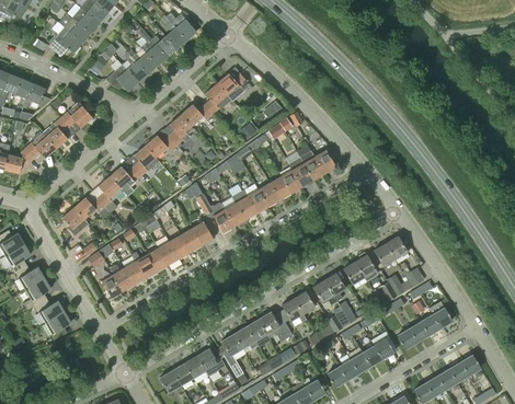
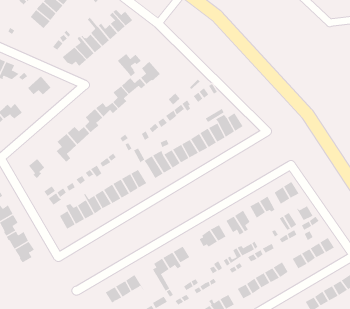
building: [49,27,82,56] -> none
building: [217,73,249,104] -> [117,53,142,77]
building: [43,118,69,149] -> none
building: [75,197,111,219] -> none
building: [260,310,291,340] -> none
building: [198,348,226,374] -> none

